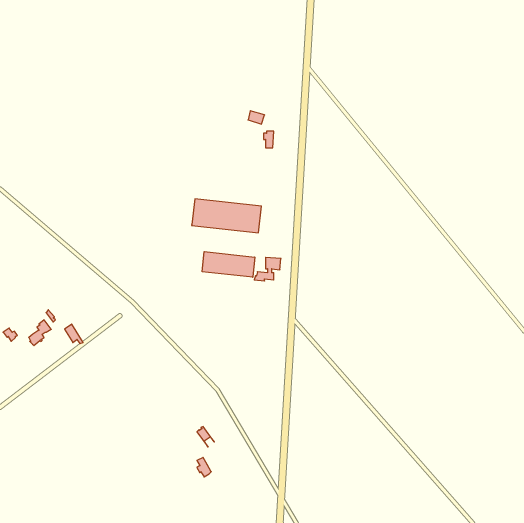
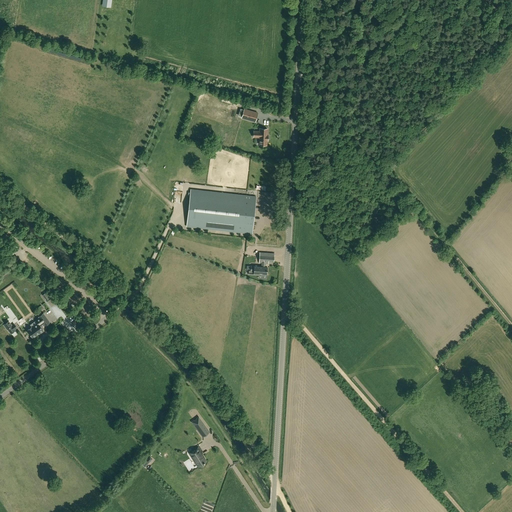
building: [202,252,255,277] -> none

